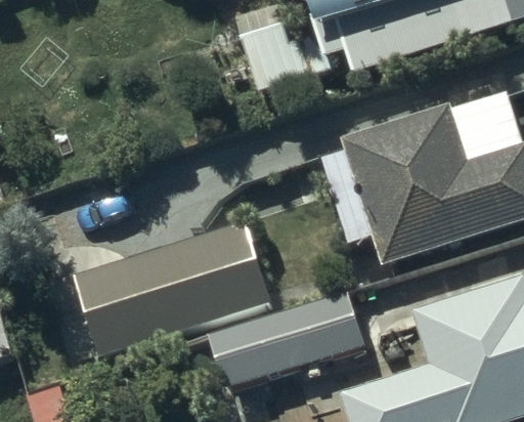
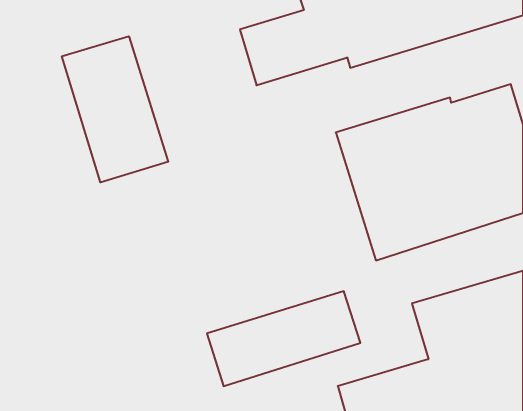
building: none -> [62,36,168,182]
building: [72,219,271,354] -> none

